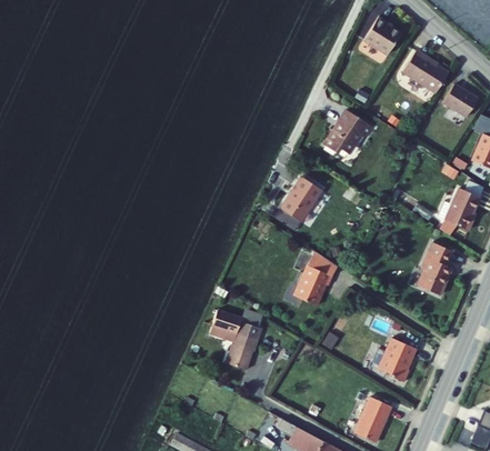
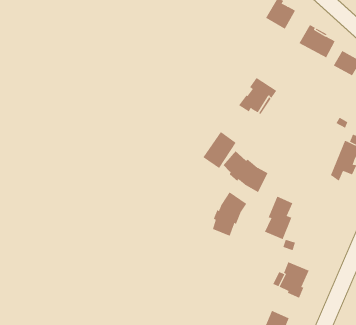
building: none -> [223,150,268,193]
building: [414,247,450,301] -> [264,196,293,240]
building: [216,313,264,373] -> none

